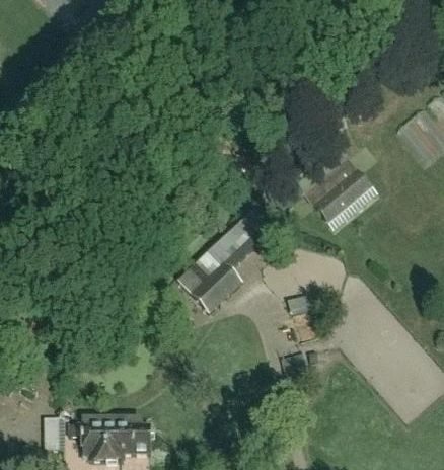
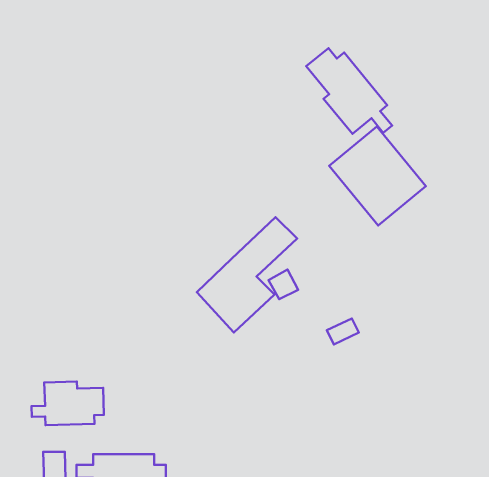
building: none -> [306,48,392,134]
building: none -> [32,382,104,425]

